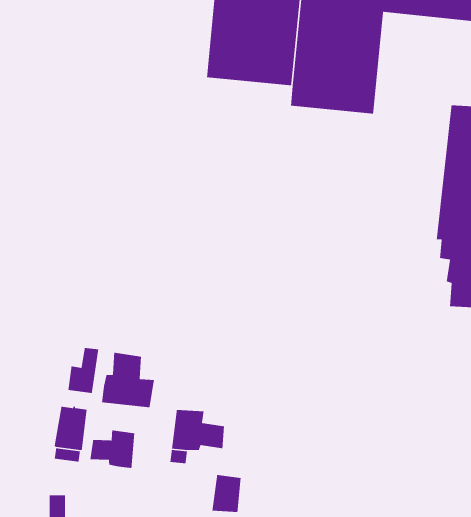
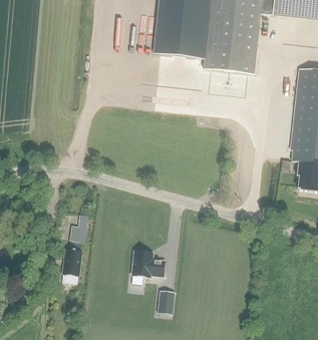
building: [101,352,155,408] -> none
building: [90,429,135,469] -> none

